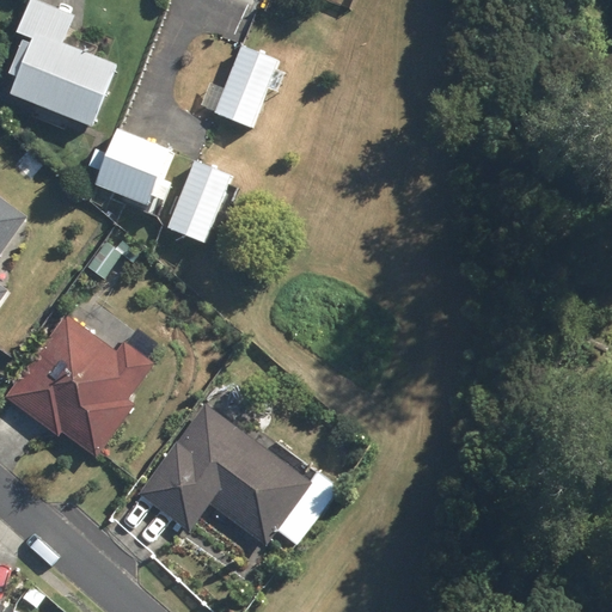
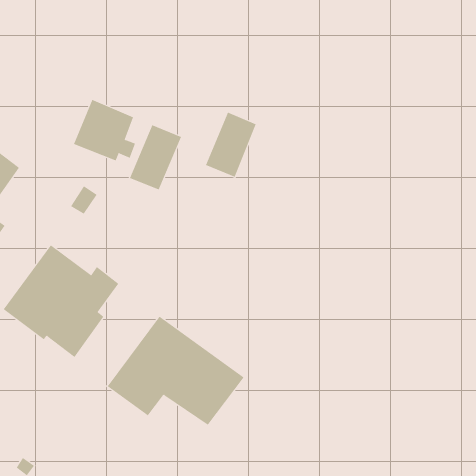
building: [7,31,117,127] -> none
building: [213,44,279,128] -> [205,112,257,177]

